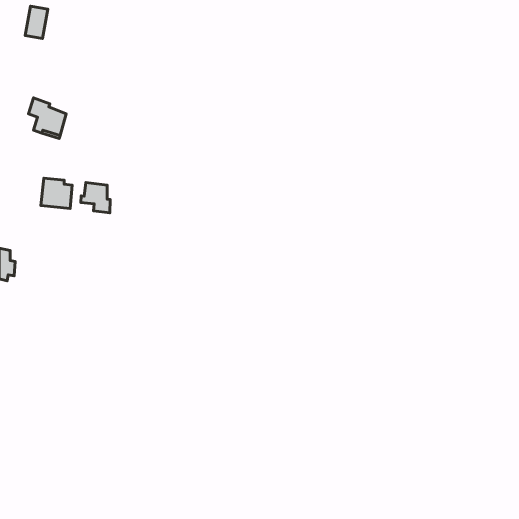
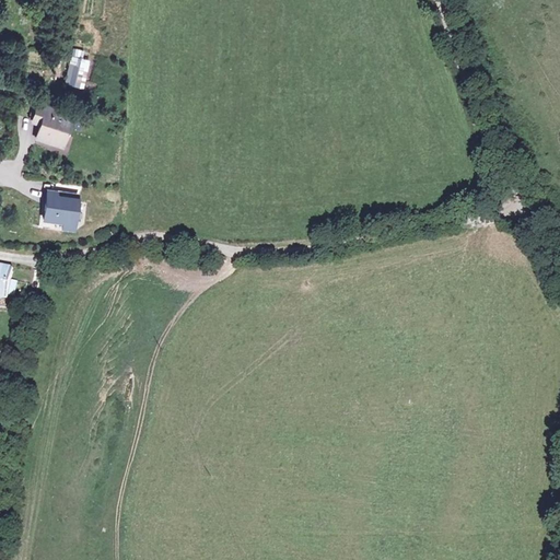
building: [25,6,48,39] -> [65,54,89,89]
building: [81,183,110,213] -> none

